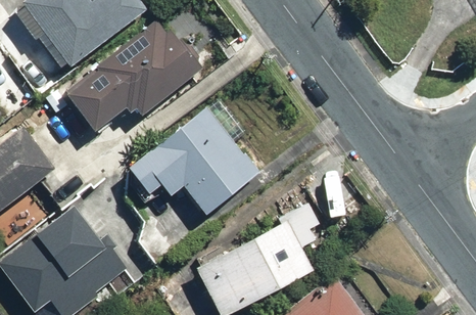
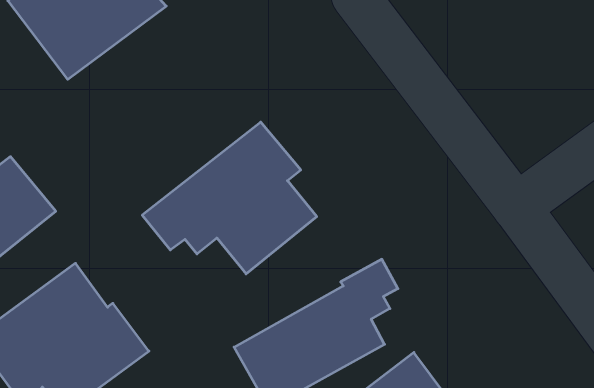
building: [60,12,202,134] -> none

